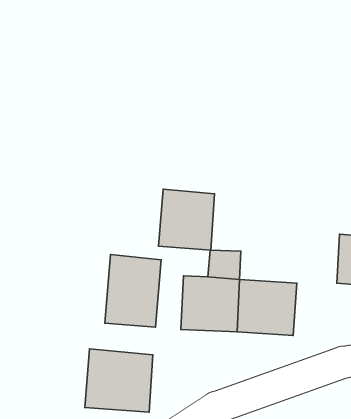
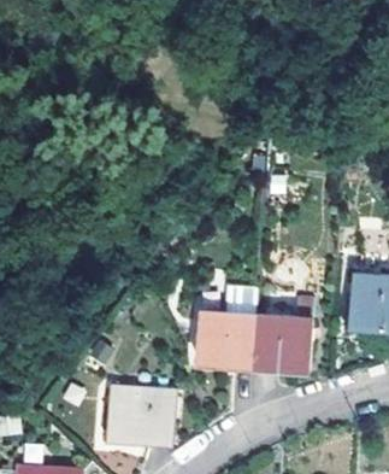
building: [158,189,214,250] -> none
building: [105,255,161,327] -> none

